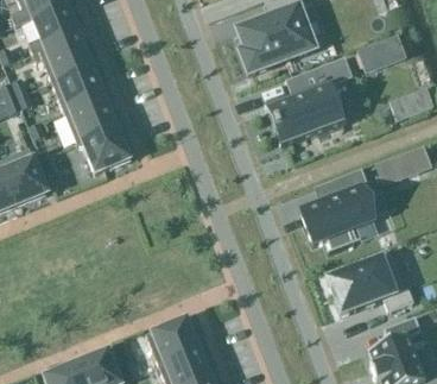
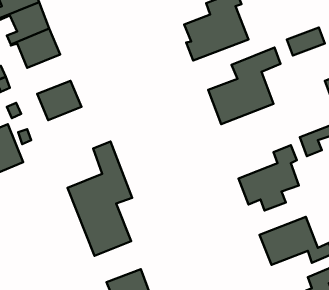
building: [53,65,104,112] -> none
building: [78,127,131,172] -> none
building: none -> [68,142,132,256]

